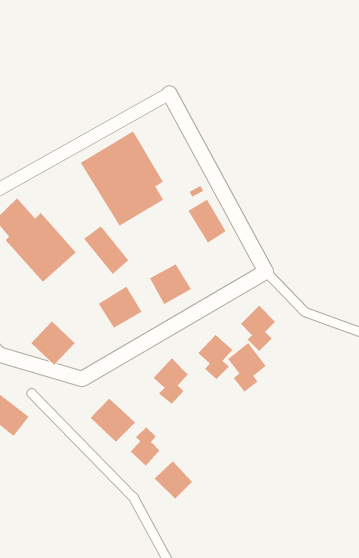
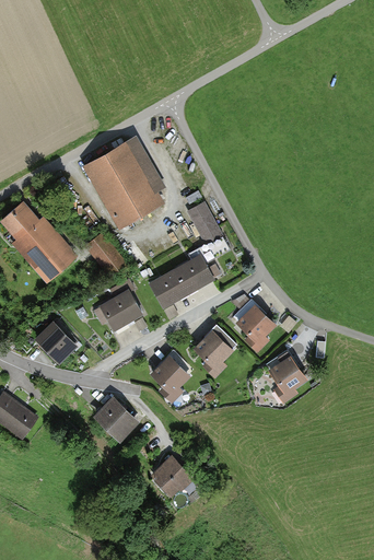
building: none -> [176,252,217,291]
building: [227,342,266,393] -> [269,354,307,404]
building: [130,426,160,467] -> none

